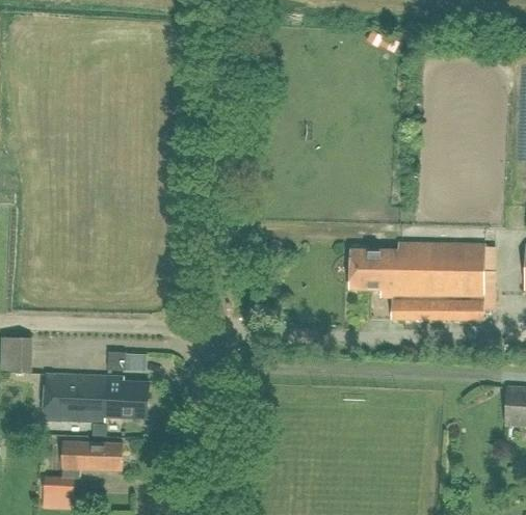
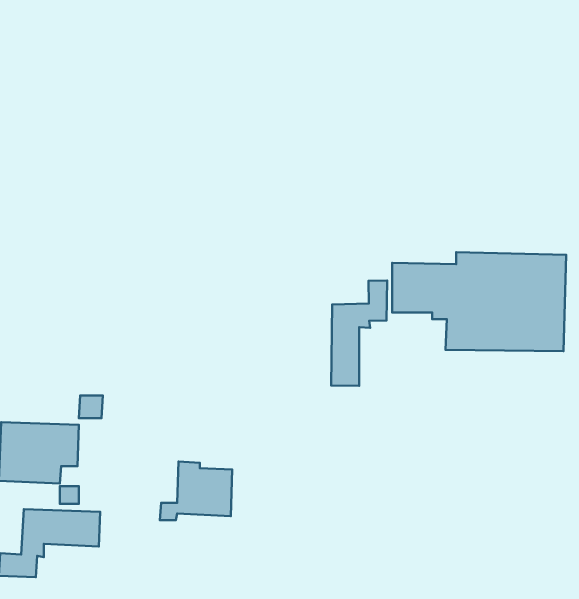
building: none -> [331,281,387,386]
building: [91,376,148,422] -> [160,461,232,520]

